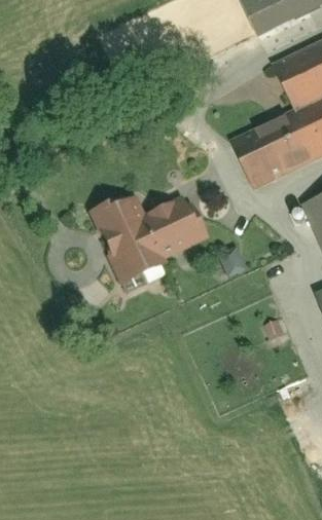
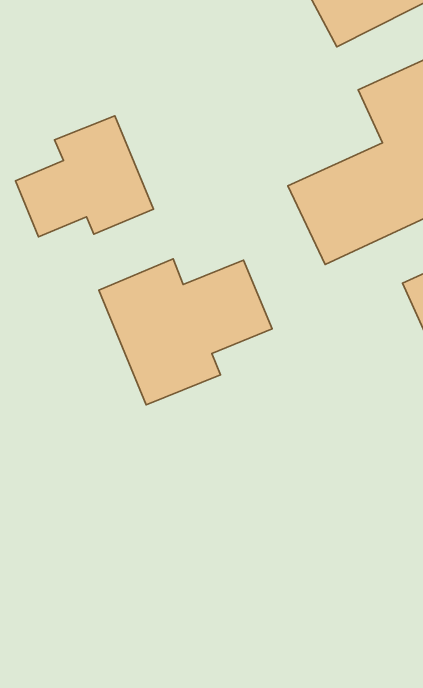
building: none -> [16,116,153,237]

